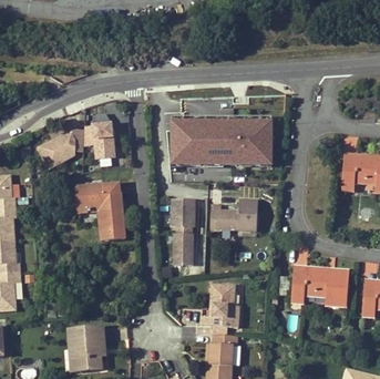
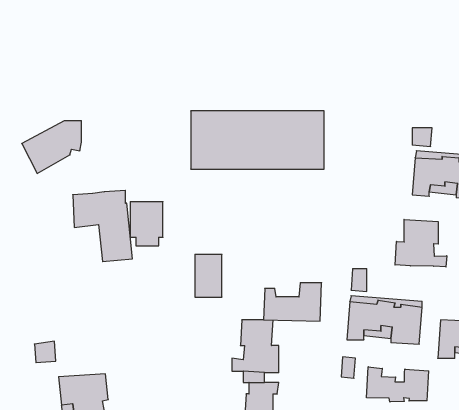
building: [84,123,116,160] -> none
building: [171,198,196,233] -> [130,202,163,246]
building: [212,199,257,229] -> [263,283,322,321]
building: none -> [395,219,447,267]
building: none -> [367,367,429,402]

